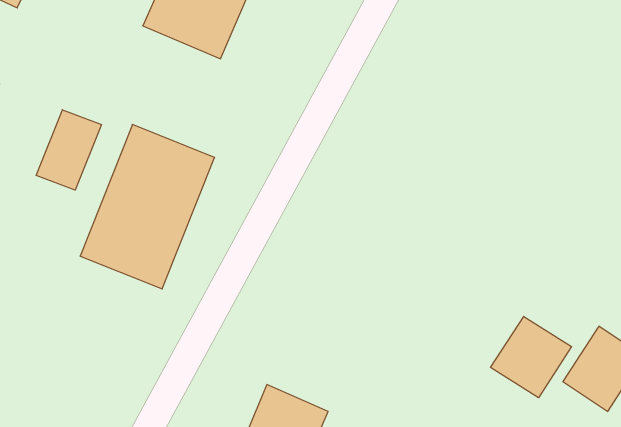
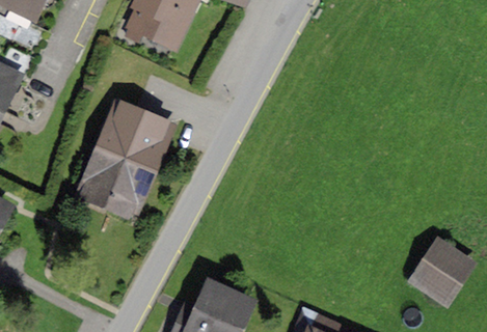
building: [36,110,101,190] -> none
building: [491,316,572,398] -> none

